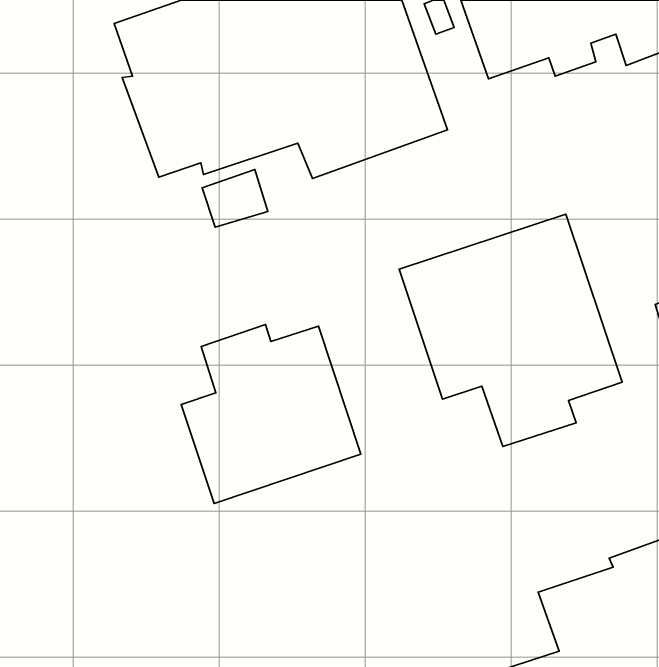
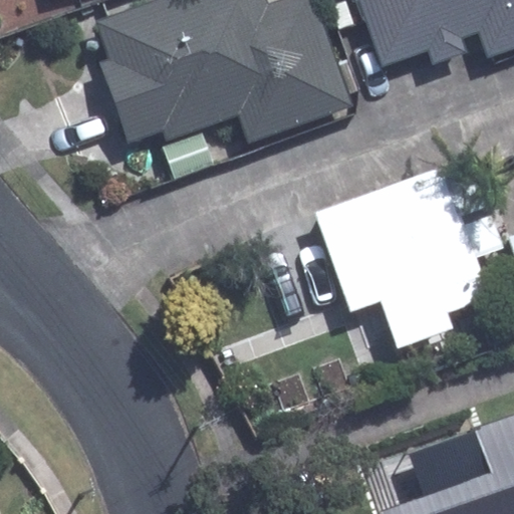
building: [181,324,361,503] -> none

